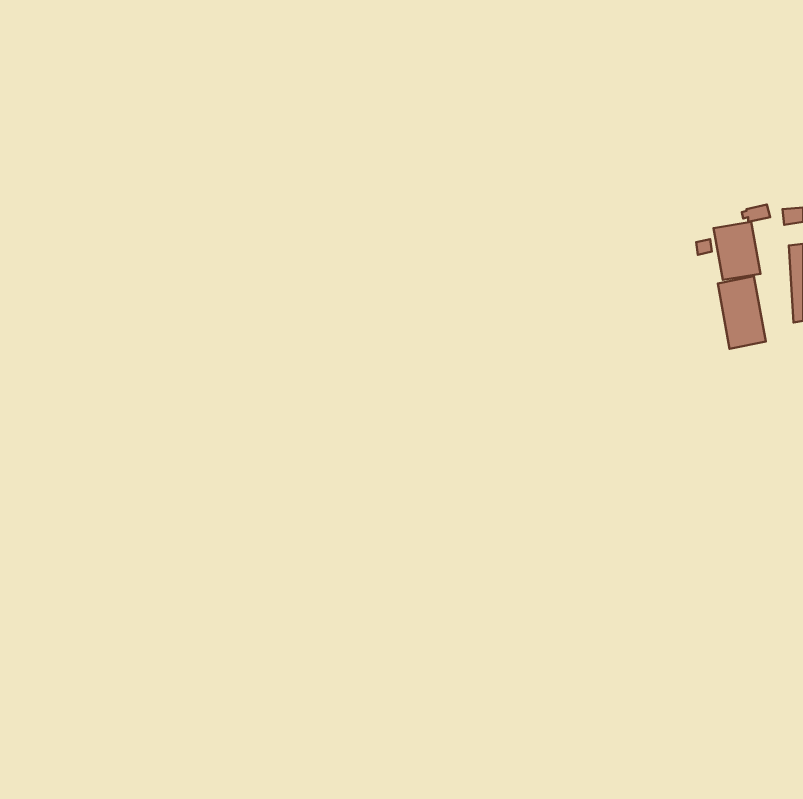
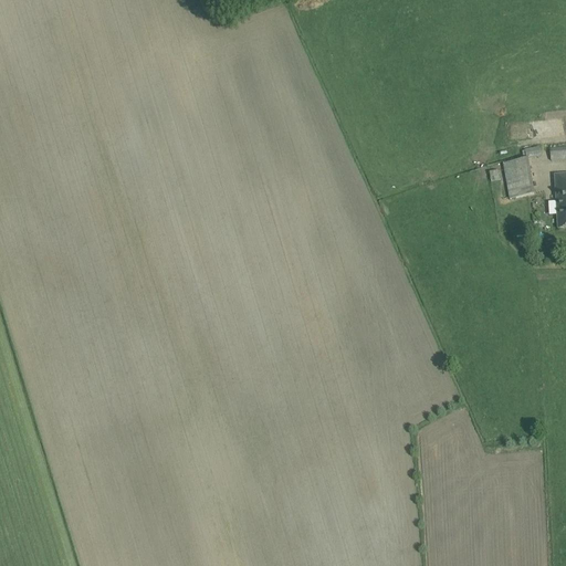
building: [718,276,766,349] -> none

